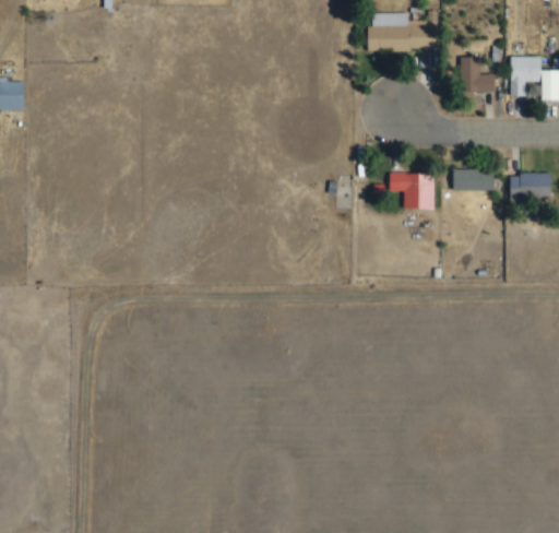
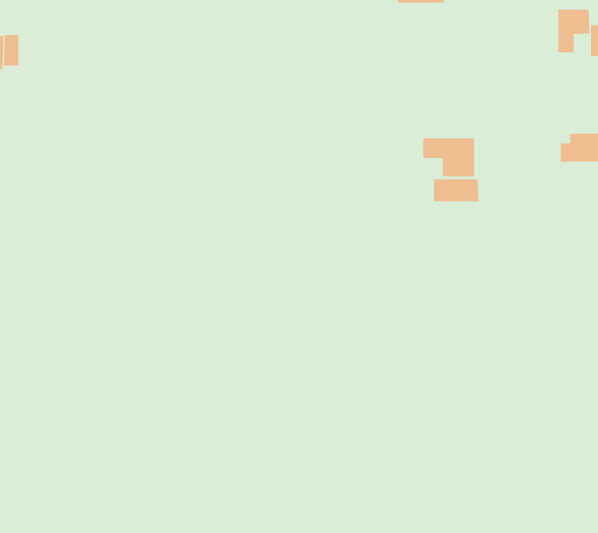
building: [462,55,493,92] -> none
building: [453,170,495,191] -> [433,179,479,202]

